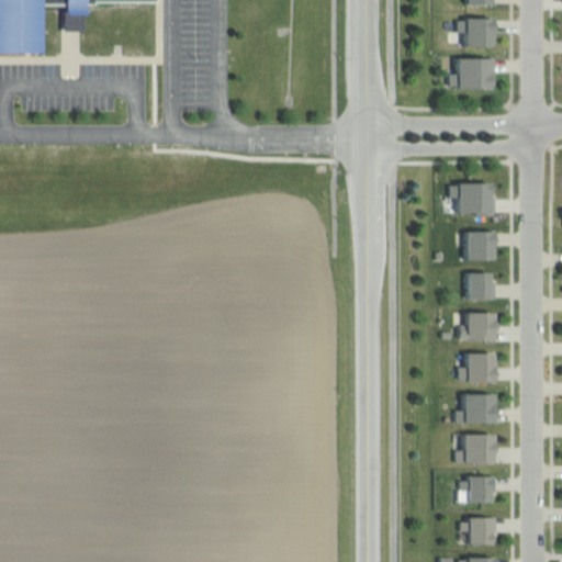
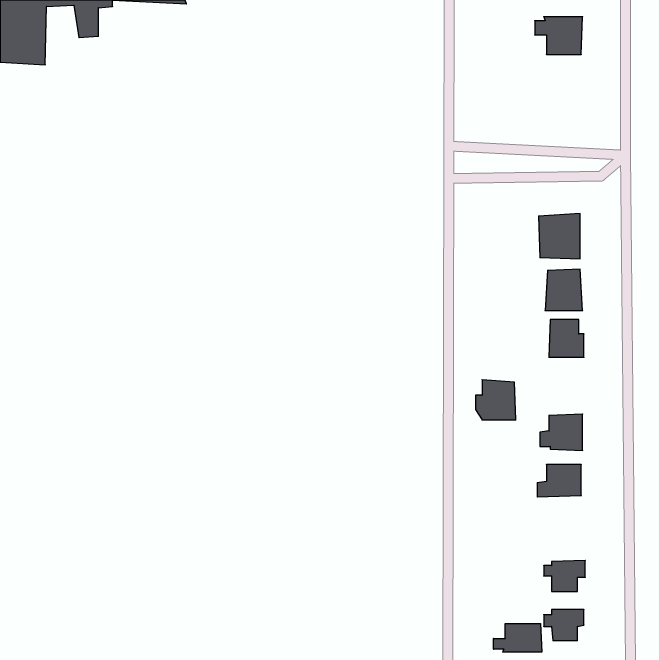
building: [447,58,495,87] -> none
building: [461,312,495,346] -> [476,380,516,420]
building: [457,435,494,463] -> none
building: none -> [494,624,542,652]

